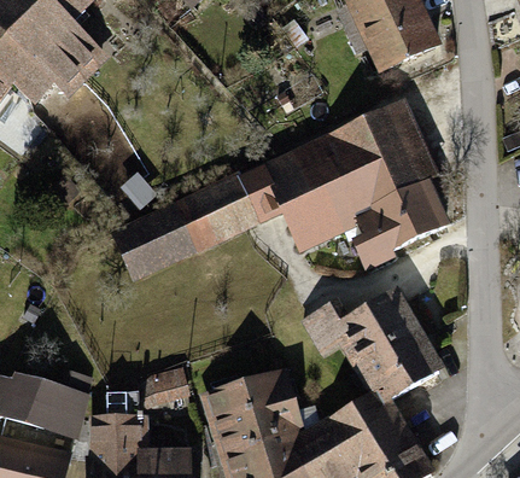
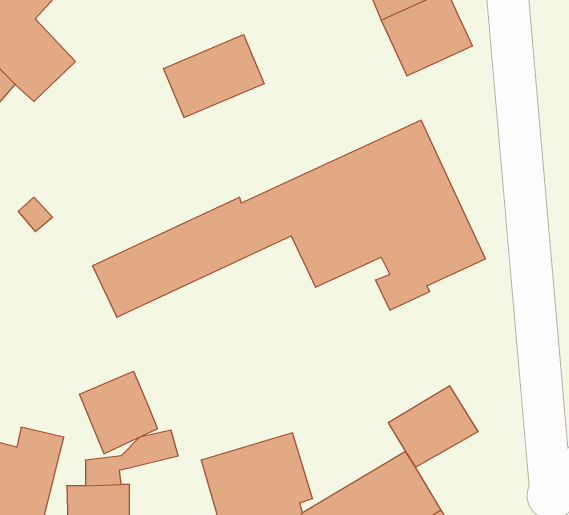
building: none -> [164,35,264,118]
building: [305,288,417,362] -> none
building: none -> [79,371,158,454]

